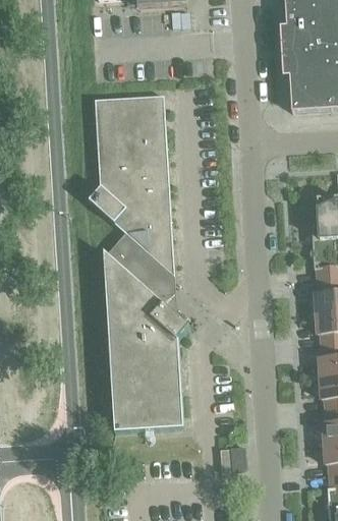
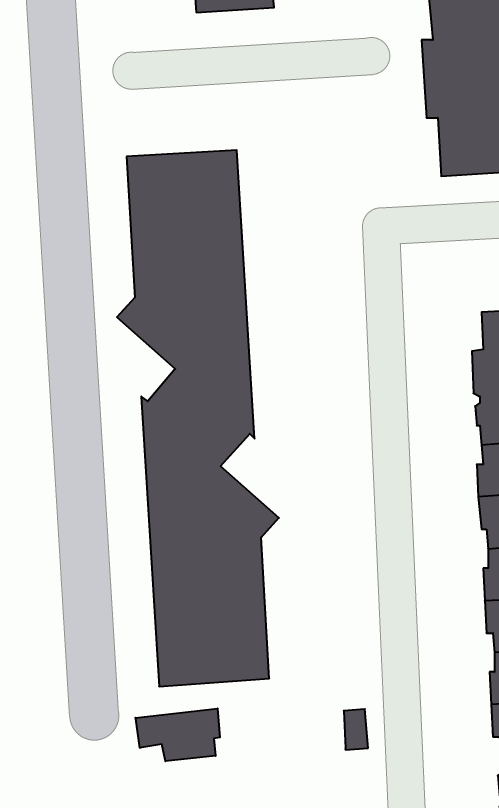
building: none -> [135,708,220,761]

